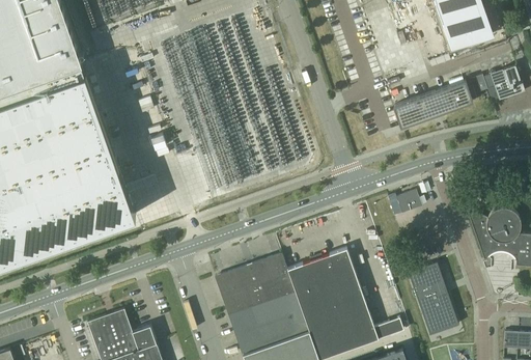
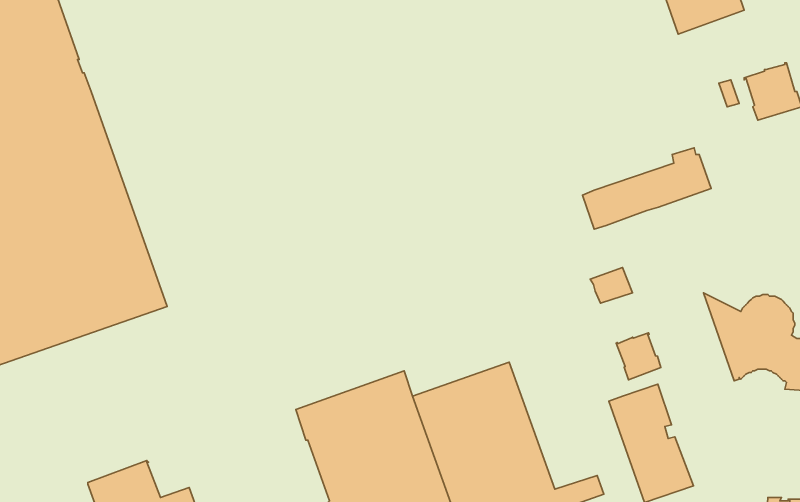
building: [394,78,473,128] -> [582,148,711,229]
building: none -> [616,333,661,380]

